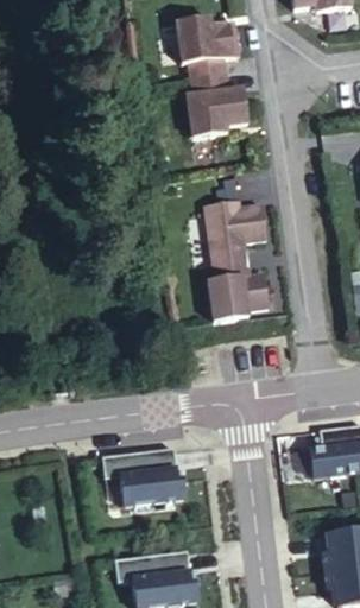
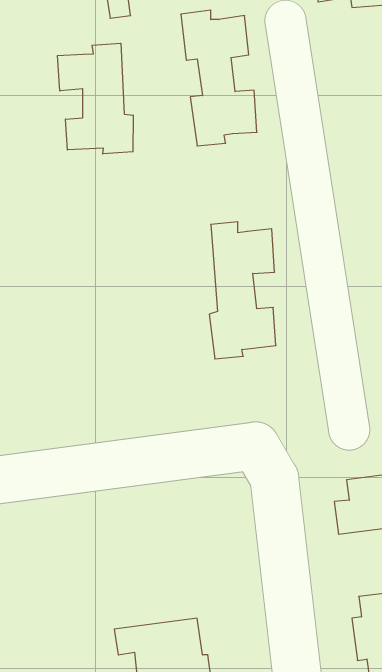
building: none -> [57,43,133,154]
building: [105,448,189,507] -> none

